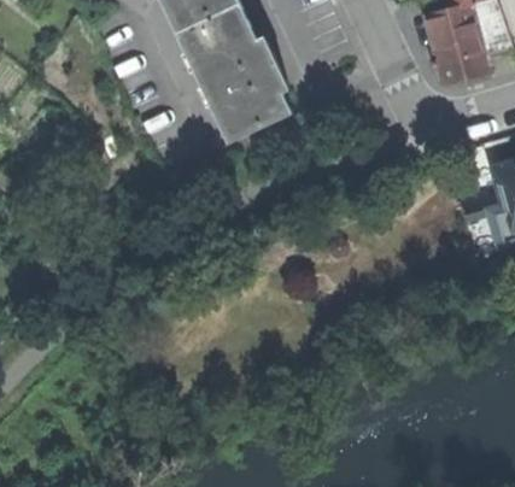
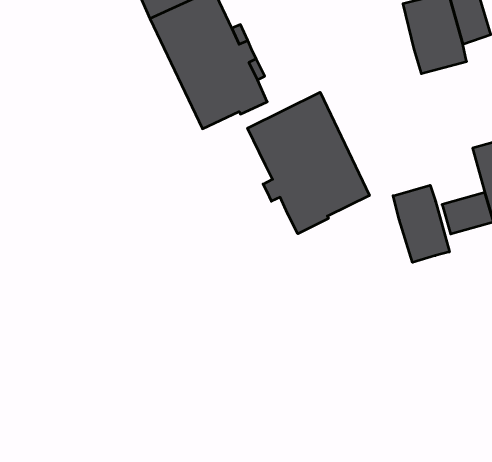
building: none -> [248,92,369,234]
building: none -> [393,185,449,262]

